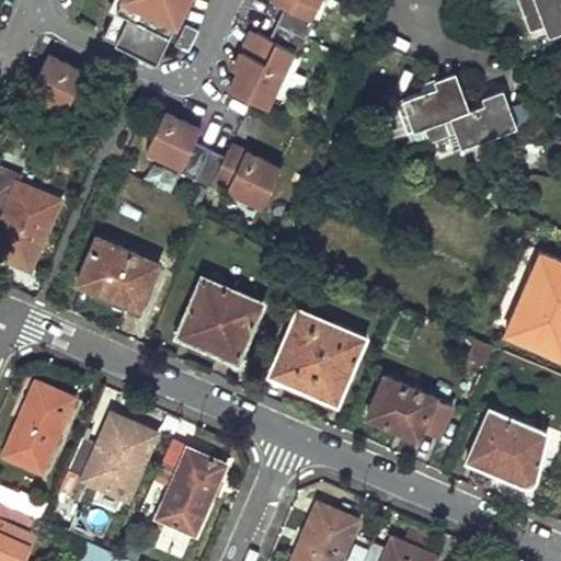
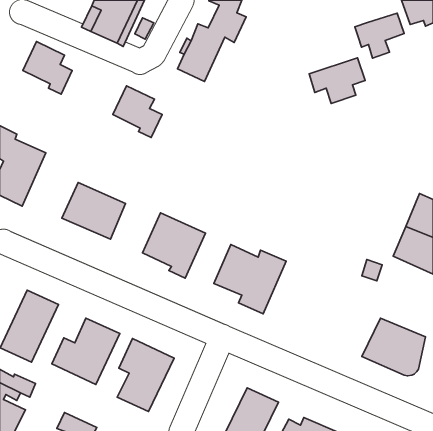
building: [455,95,518,153] -> [355,13,404,58]
building: [195,146,272,204] -> none
building: [370,379,456,443] -> none

